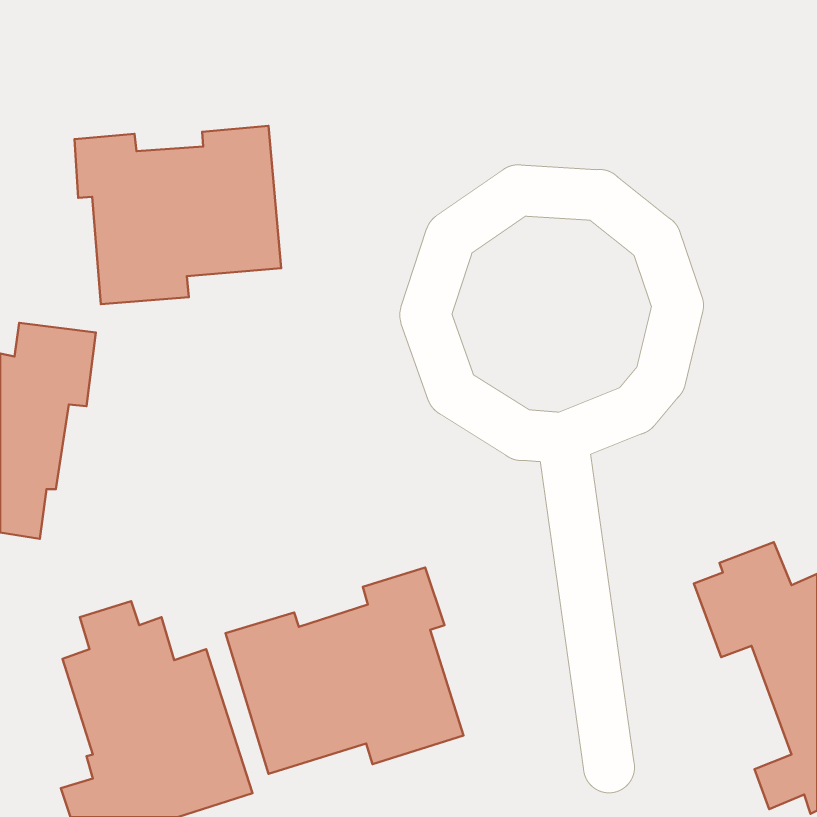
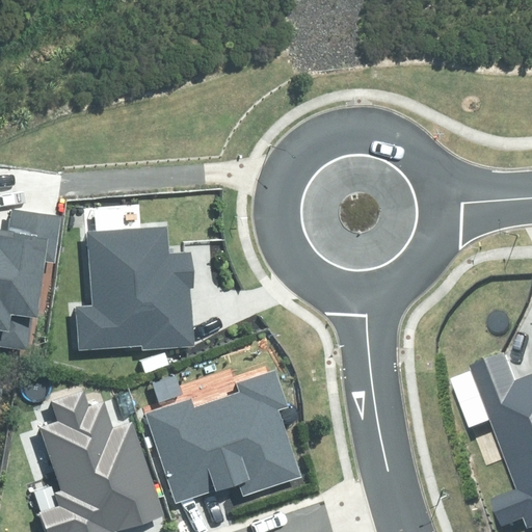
building: [74,126,281,304] -> none
building: none -> [75,227,194,351]

